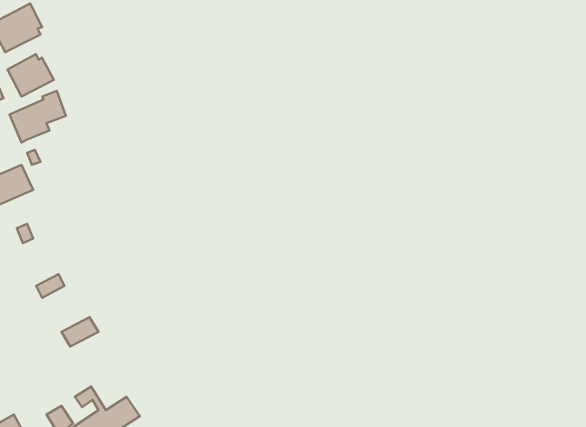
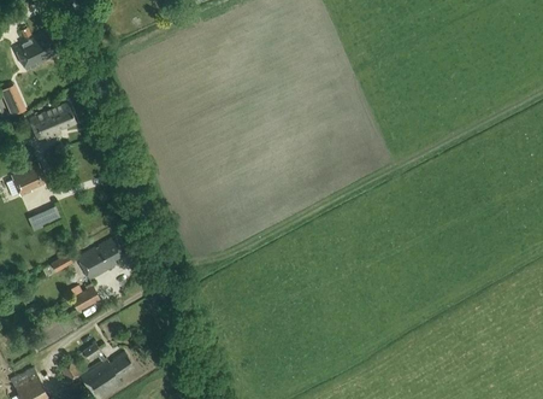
building: [8,54,54,97] -> none
building: none -> [76,237,124,281]

